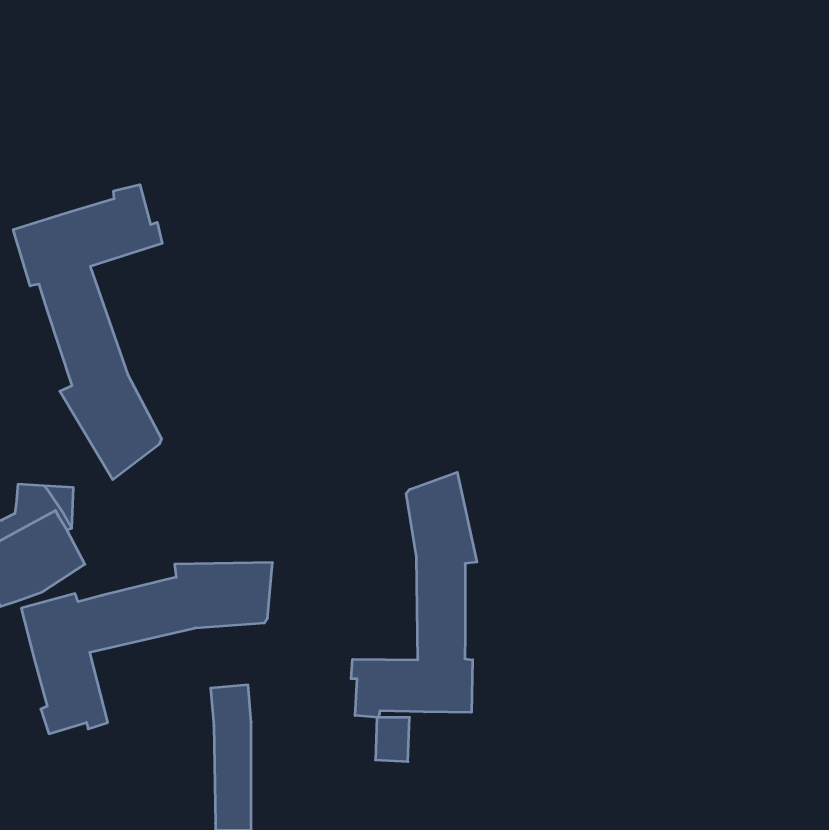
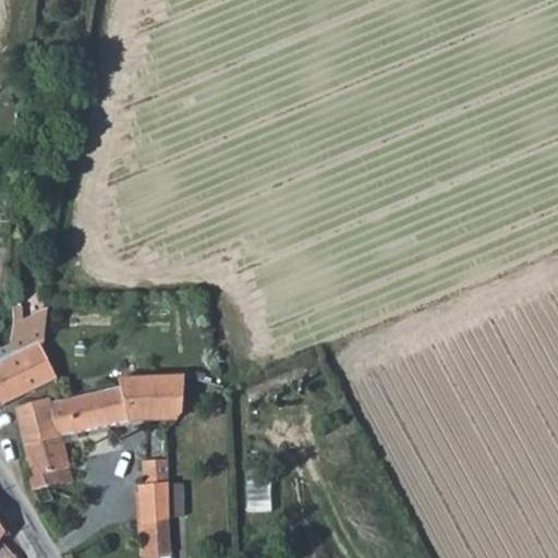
building: [13,185,162,480] -> none
building: [351,472,477,717] -> none

